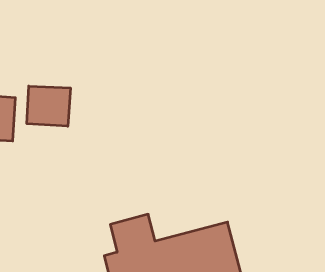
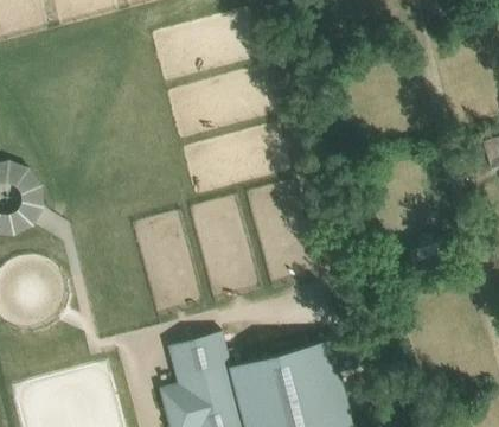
building: [27,86,70,126] -> none

